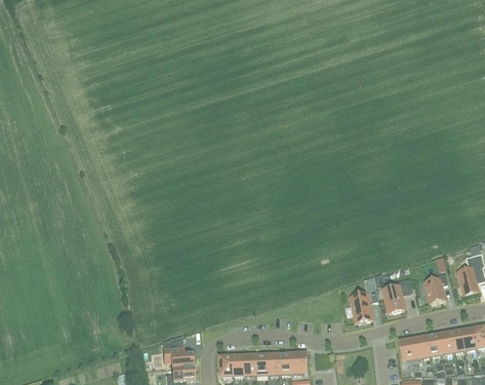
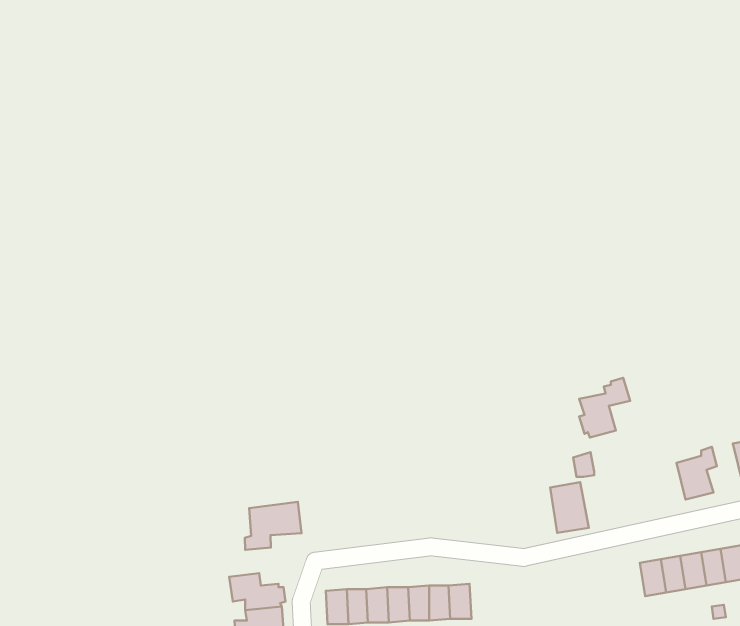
building: [383,277,413,312] -> [579,378,630,438]
building: none -> [245,502,301,550]

